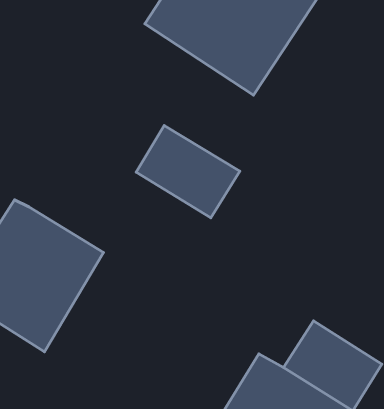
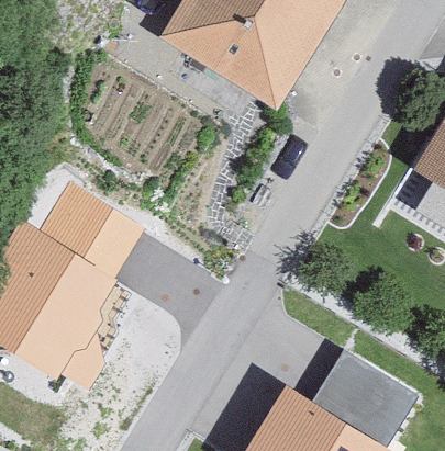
building: [136,126,240,218] -> [37,179,147,277]

